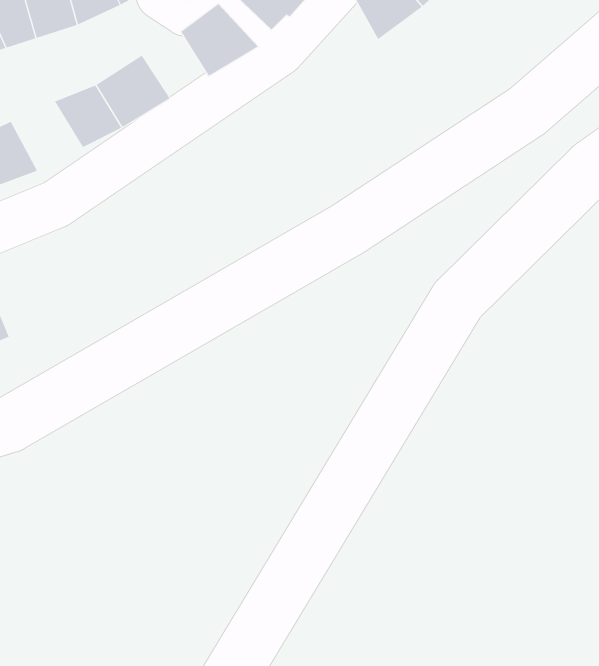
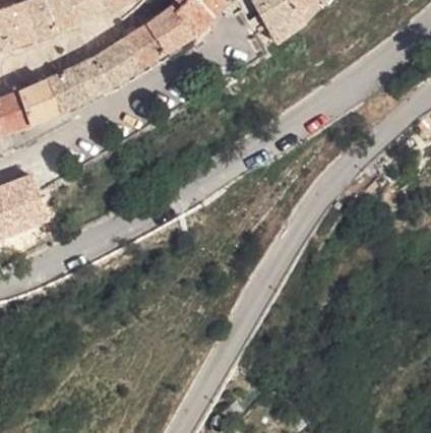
building: none -> [125,27,166,68]
building: none -> [45,70,88,113]

